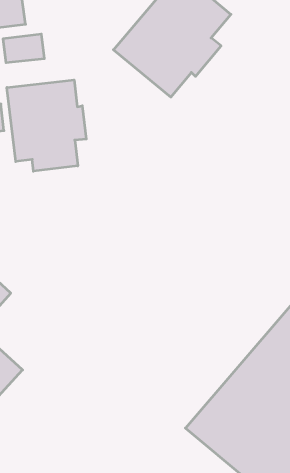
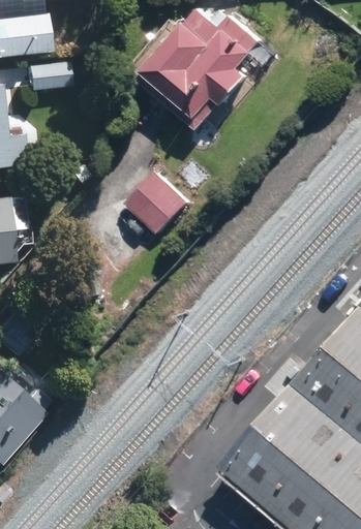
building: [7,80,86,171] -> none
building: none -> [131,172,192,232]

